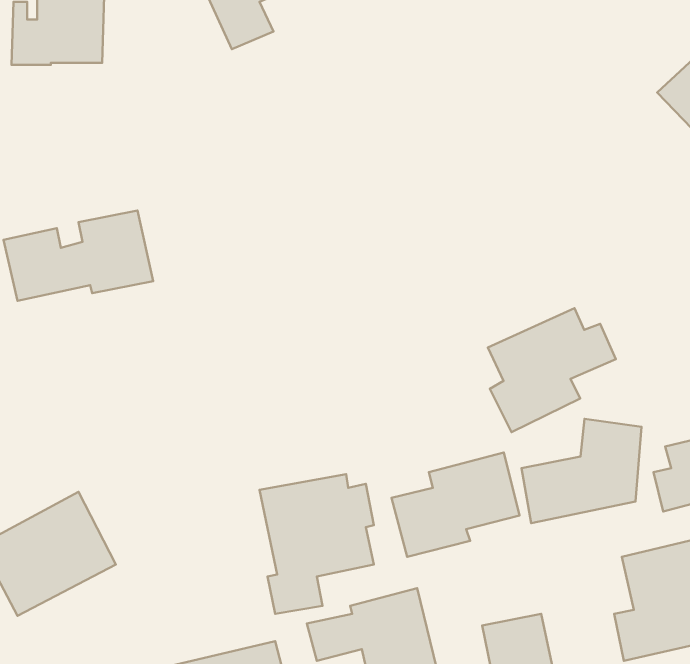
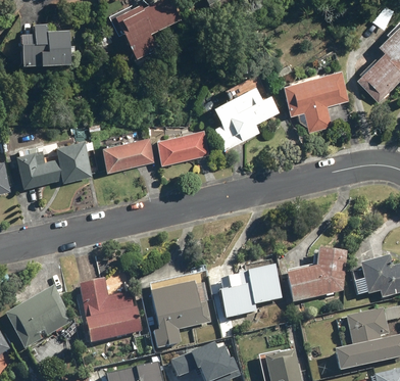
building: none -> [282,69,349,133]
building: none -> [156,129,209,166]
building: none -> [99,132,152,174]
building: [488,308,616,432] -> [212,86,279,150]
building: none -> [78,279,142,344]

